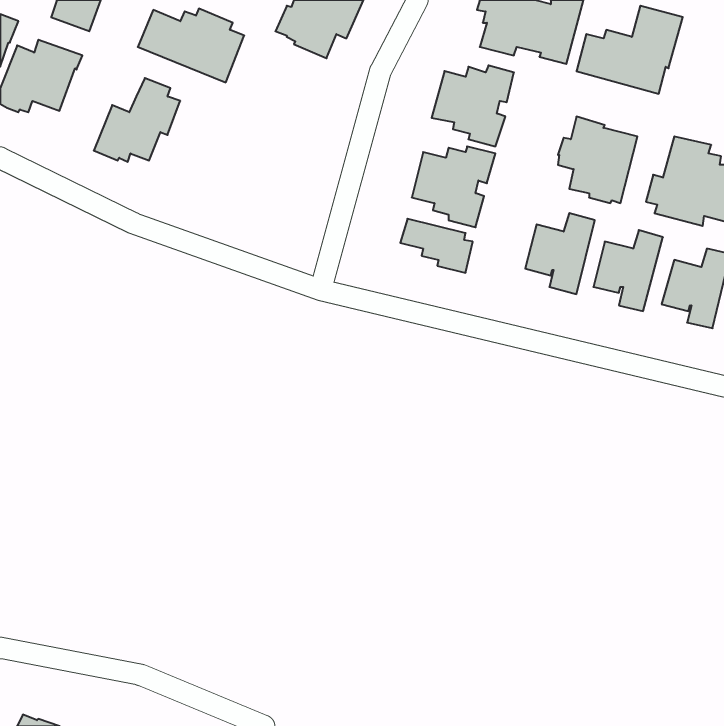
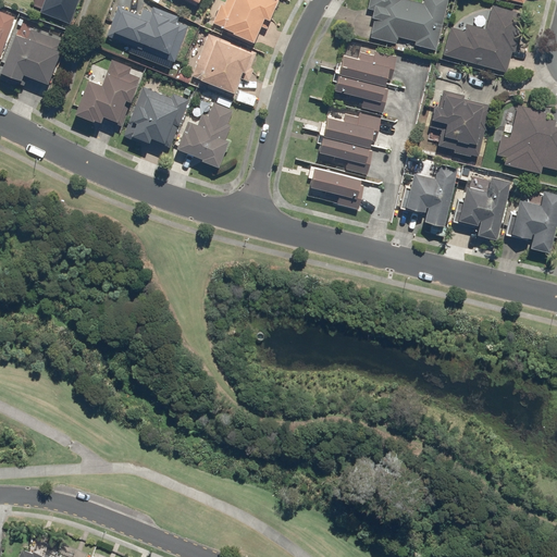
building: none -> [191,34,256,98]
building: none -> [123,87,188,147]
building: none -> [175,102,233,168]

